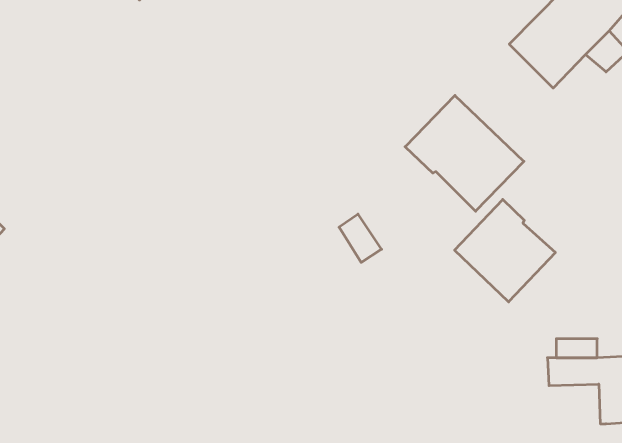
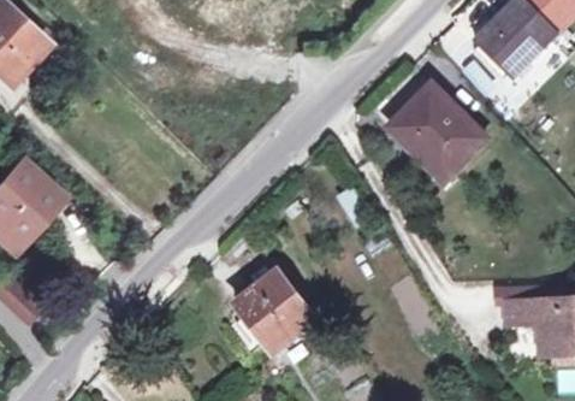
building: [455,199,555,302] -> none
building: none -> [235,271,318,355]

